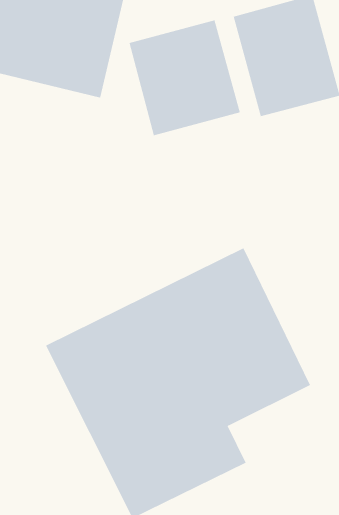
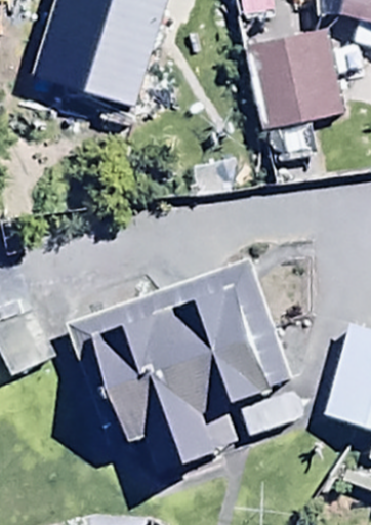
building: [129,20,240,136] -> none

